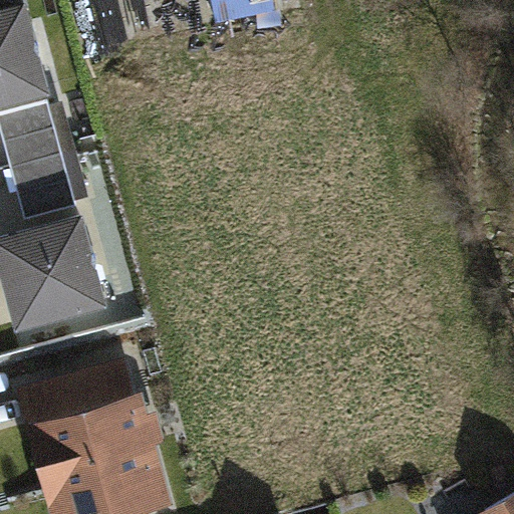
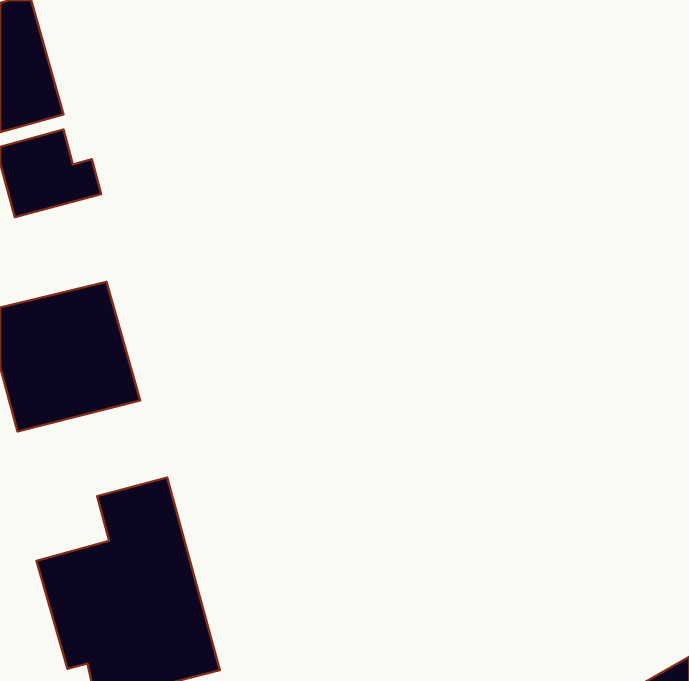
building: [11,151,82,221] -> none

